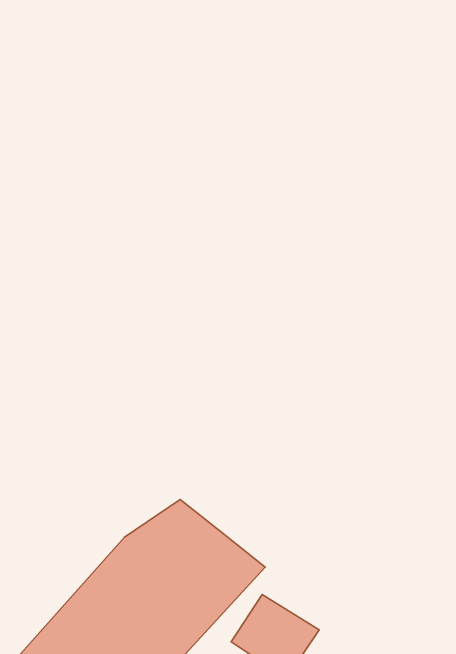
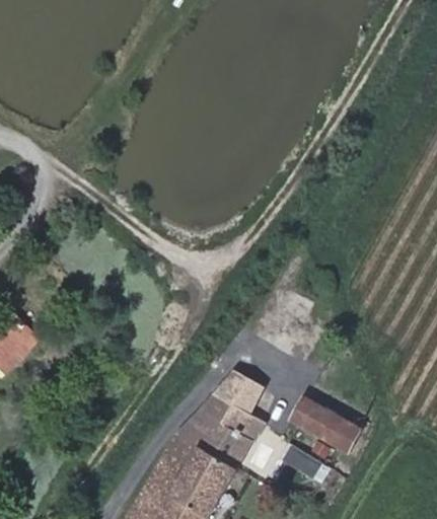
building: none -> [218,365,271,409]
building: none -> [285,395,363,459]

